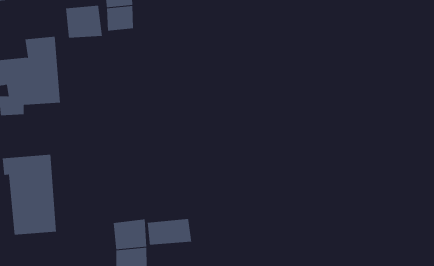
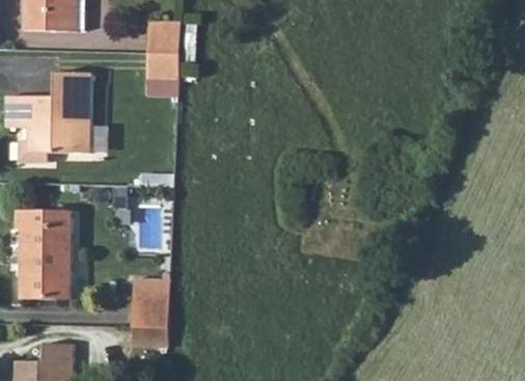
building: [66,5,103,39] -> none
building: [147,218,192,245] -> none

